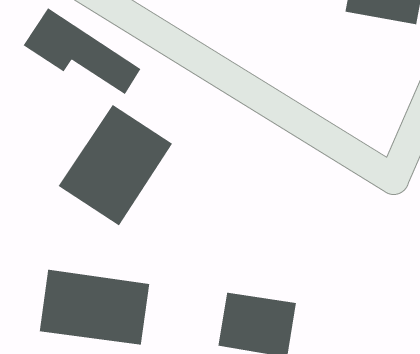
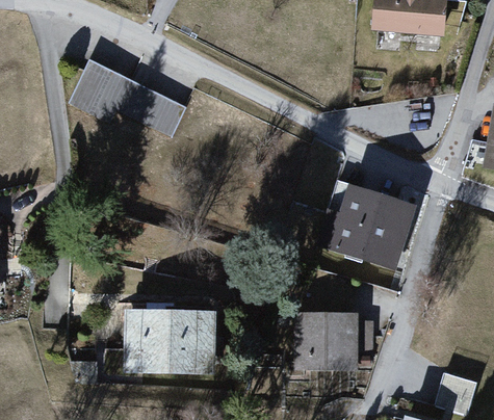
building: [58,104,173,227] -> none
building: none -> [315,180,418,269]

